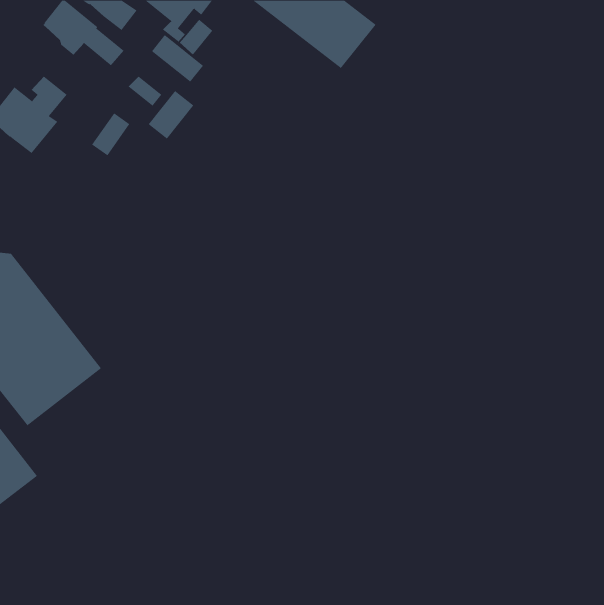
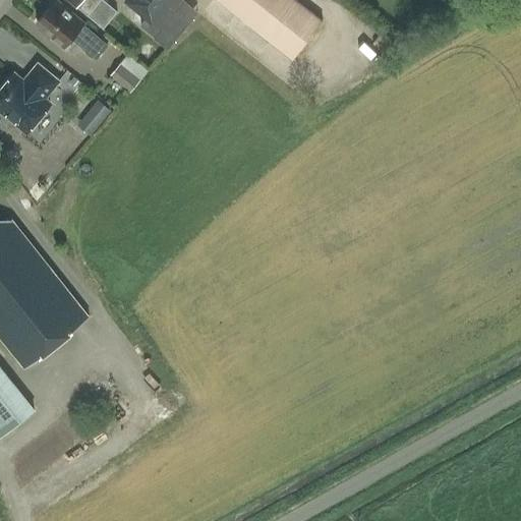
building: [151,34,204,83] -> none
building: [148,90,194,139] -> none

